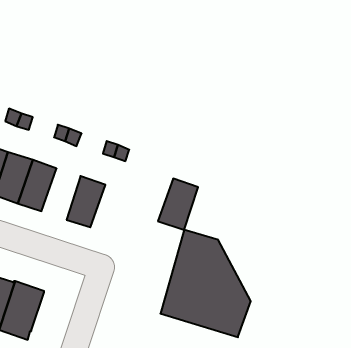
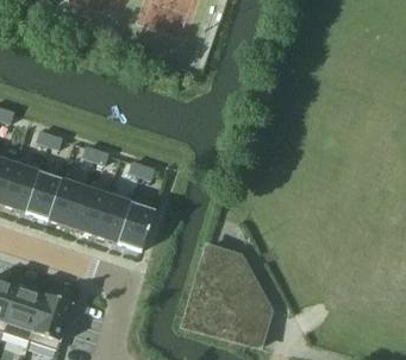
building: none -> [71,185,108,234]
building: [158,179,198,230] -> [118,201,156,250]

